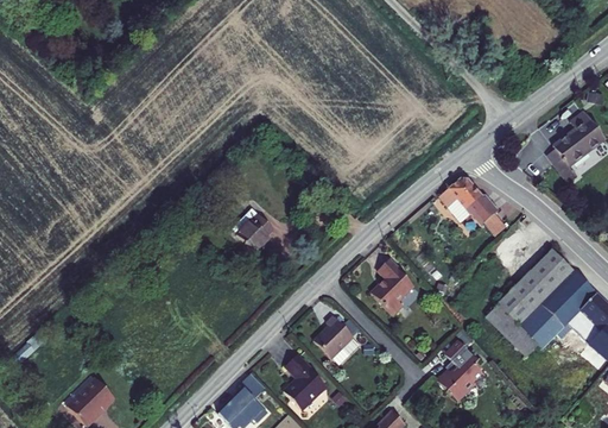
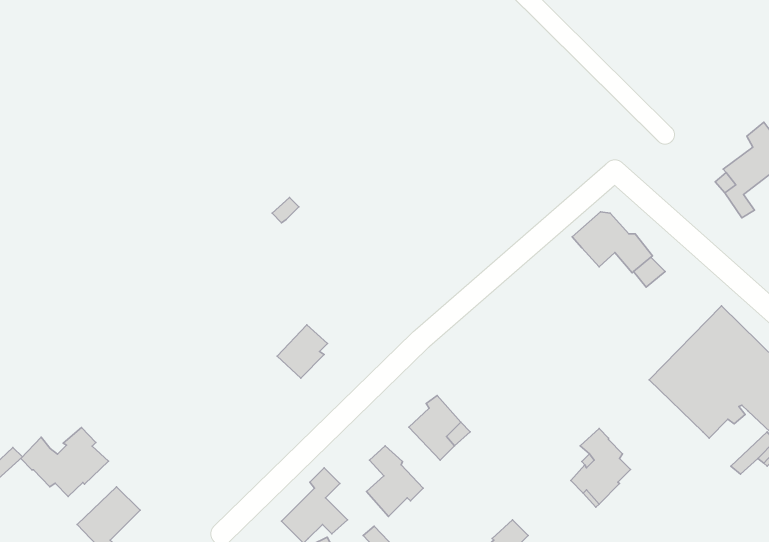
building: [238,214,276,254] -> [277,325,327,378]
building: [373,254,417,313] -> none
building: [486,303,538,355] -> none
building: none -> [21,427,109,496]

